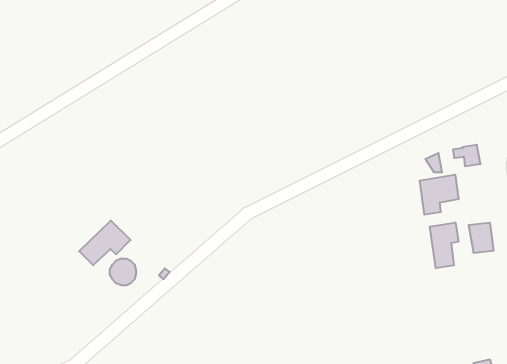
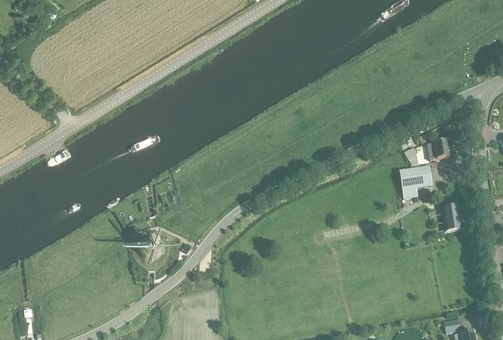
building: [79,220,131,265] -> none
building: [430,222,458,268] -> none

